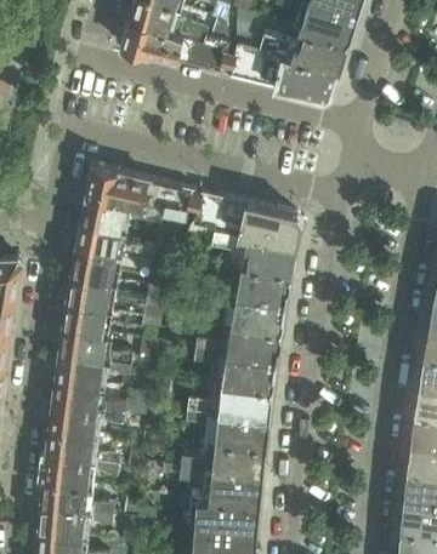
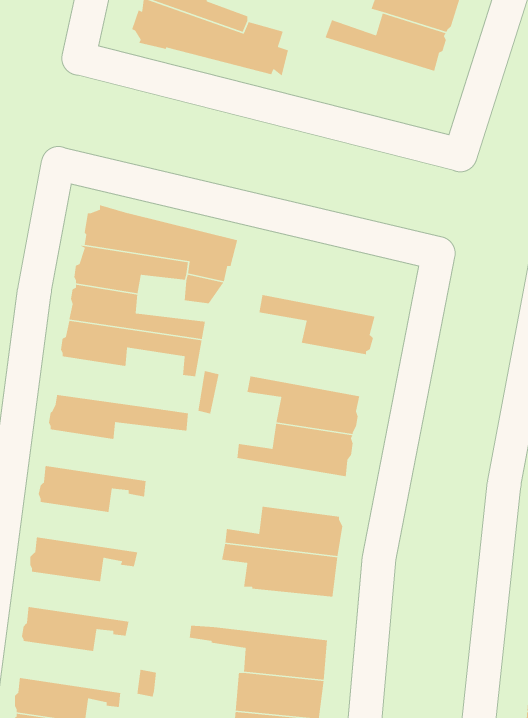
building: [228,42,337,97] -> none
building: [192,190,301,245] -> none
building: [205,262,290,302] -> none
building: [67,274,146,312] -> none
building: [58,326,132,362] -> none
building: [193,347,274,388] -> none
building: [51,378,126,413] -> none
building: [45,428,120,463] -> none
building: [180,440,265,476] -> none
building: [40,478,114,514] -> none

